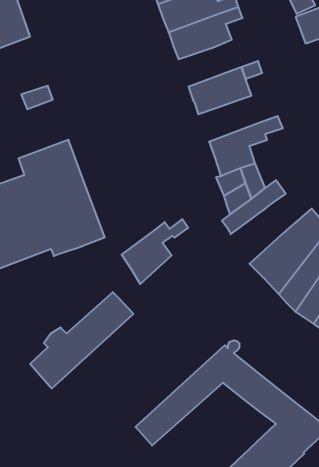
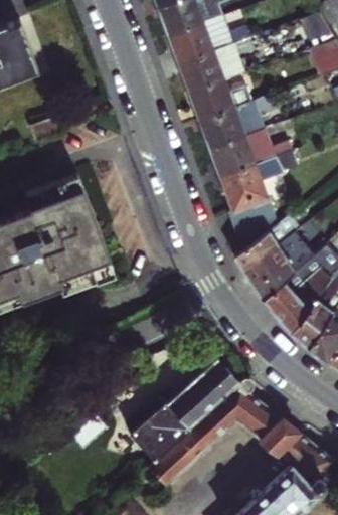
building: none -> [189,79,250,120]
building: none -> [209,129,274,176]
building: [121,219,188,284] -> [242,234,311,301]
building: [30,292,133,388] -> [129,359,234,458]

